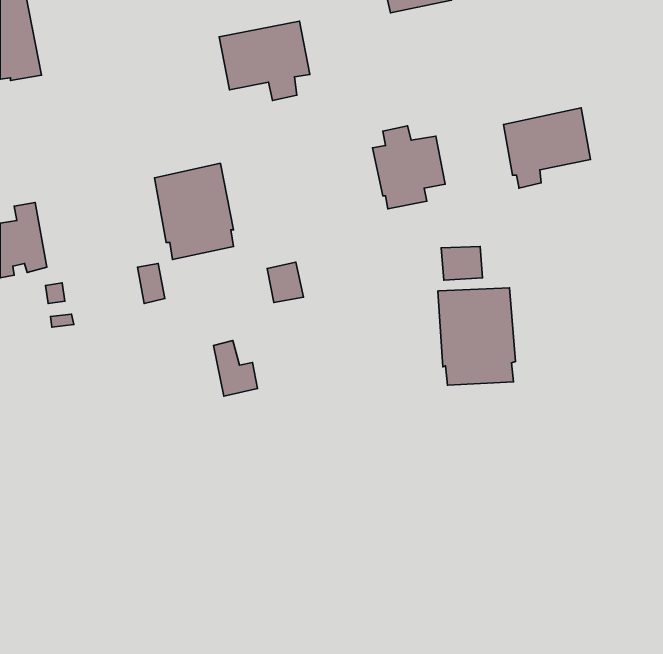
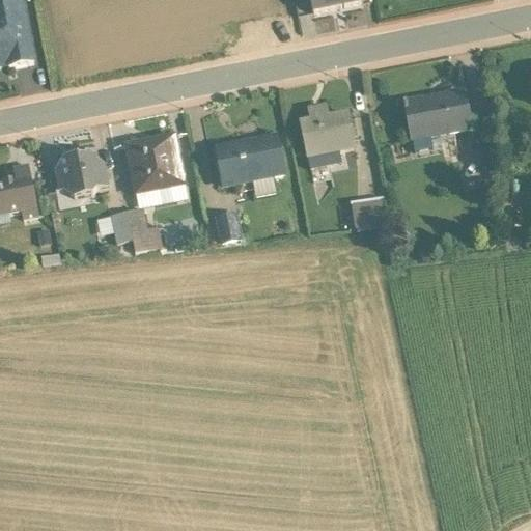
building: [219,21,310,100] -> [213,132,285,195]
building: none -> [54,148,109,196]
building: [438,288,516,385] -> none
building: [213,340,258,396] -> [127,206,162,251]

